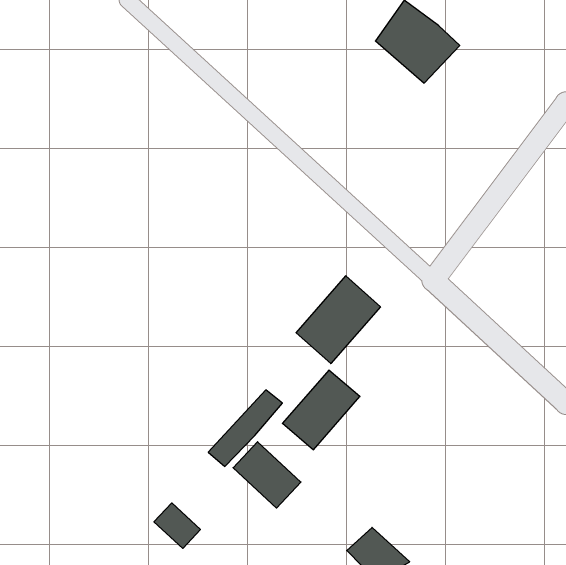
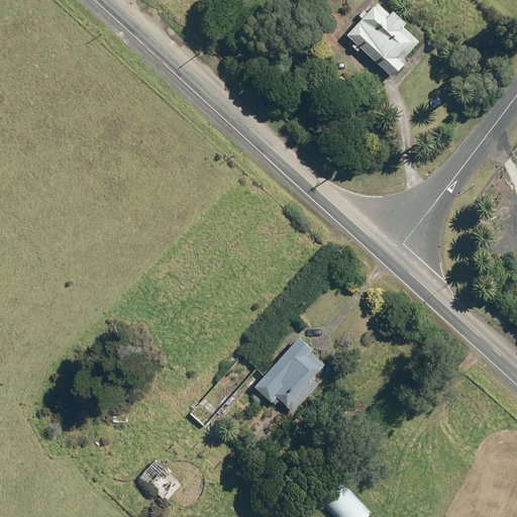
building: [296,276,380,364] -> none
building: [233,442,301,508] -> none

